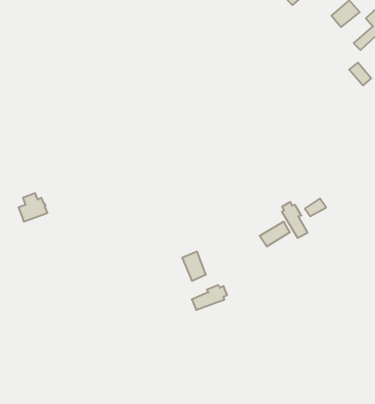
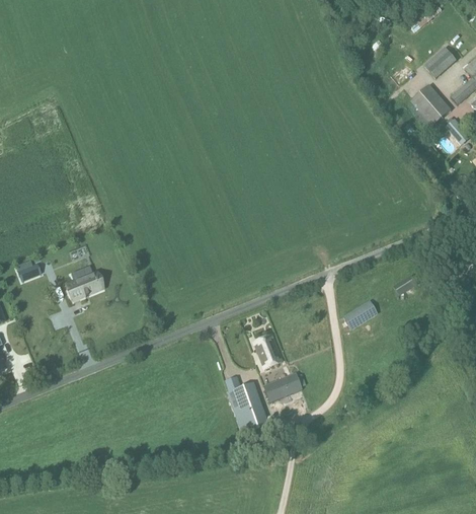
building: none -> [410,83,452,129]
building: [282,202,307,238] -> none
building: none -> [232,381,268,433]

